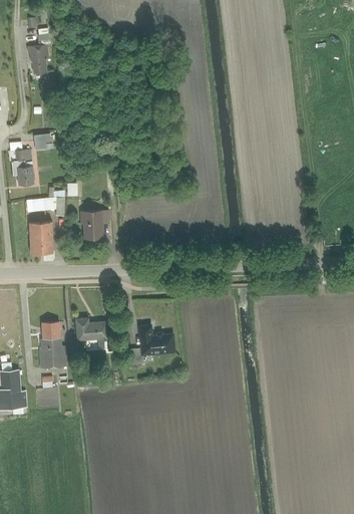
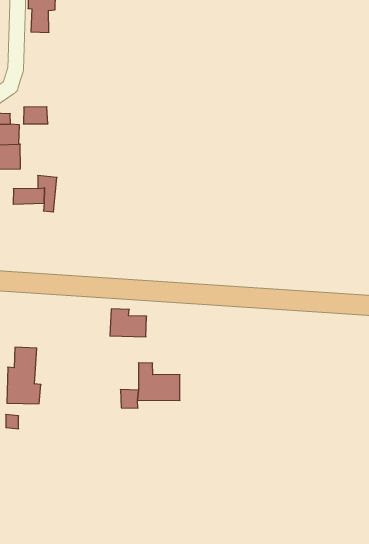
building: [80,210,106,239] -> none
building: [28,222,53,254] -> none
building: [73,318,102,340] -> [110,309,147,337]

